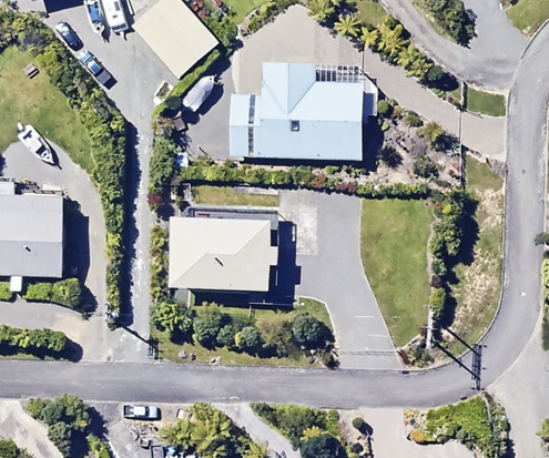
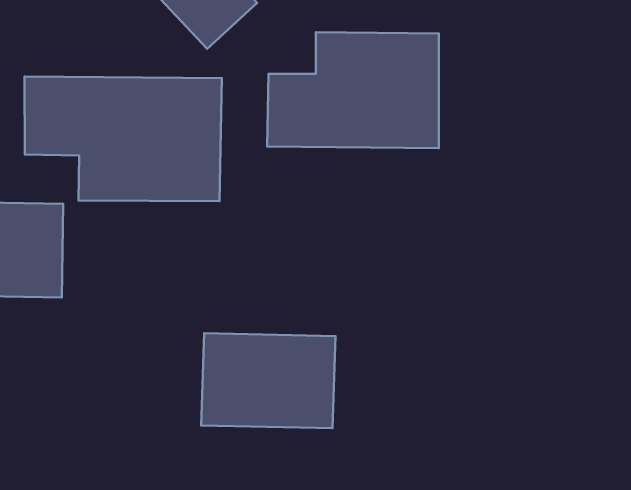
building: none -> [25,77,222,201]
building: [163,220,270,295] -> [201,333,335,428]

